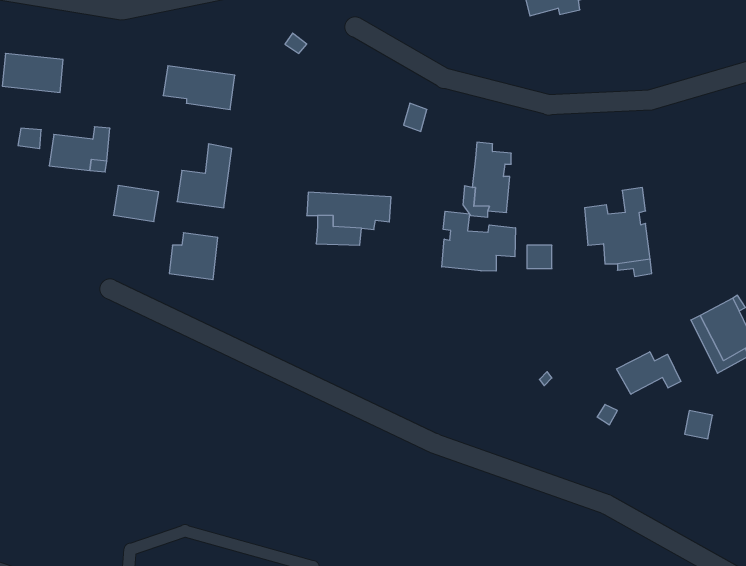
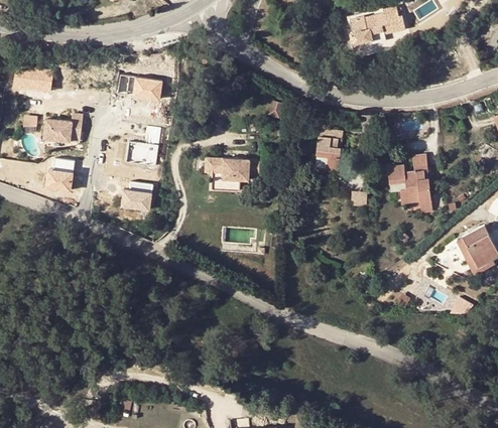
building: [113,186,159,222] -> [44,169,74,192]
building: [442,211,515,271] -> none
building: [617,352,681,394] -> none

